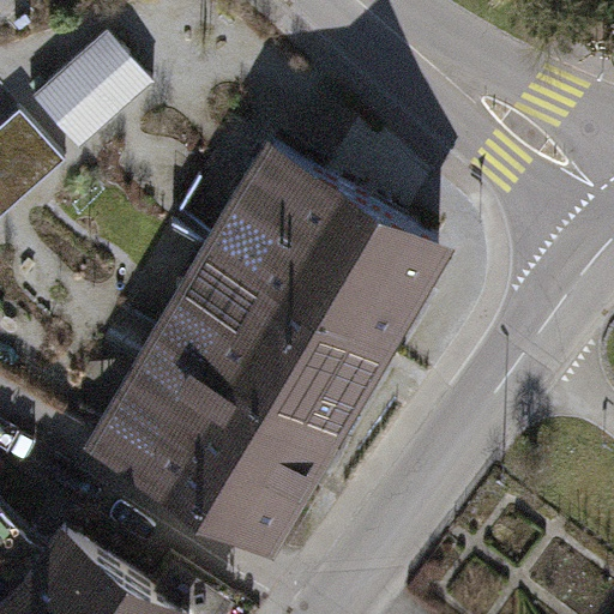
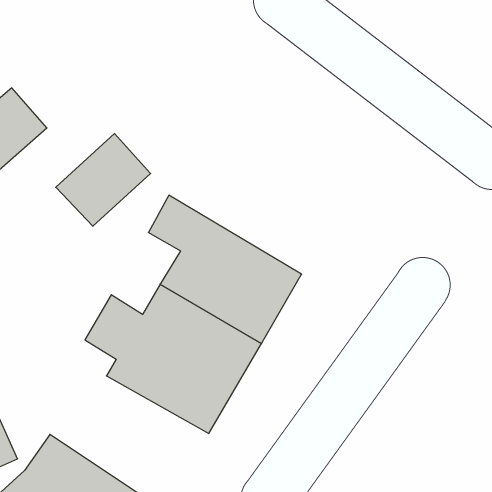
building: [28,41,144,155] -> [56,134,151,226]
building: [207,144,433,345] -> none

